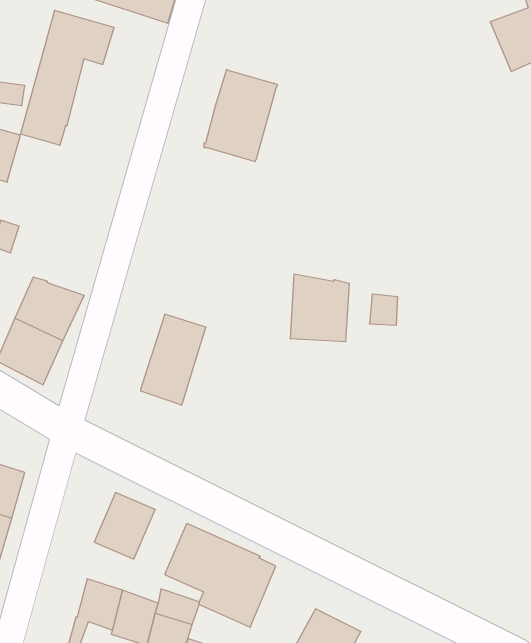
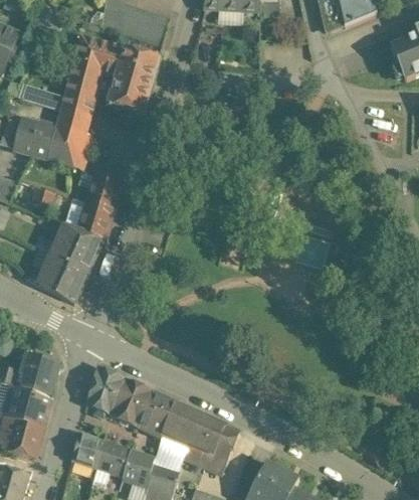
building: [204,69,278,162] -> [107,48,159,114]
building: none -> [47,124,92,168]
building: [291,274,349,342] -> none
building: [141,314,206,405] -> [75,175,122,239]
building: none -> [86,366,124,413]
building: none -> [137,390,174,437]
building: none -> [70,431,103,467]

